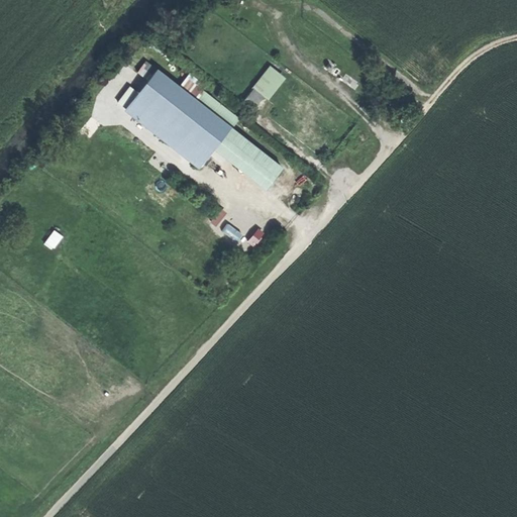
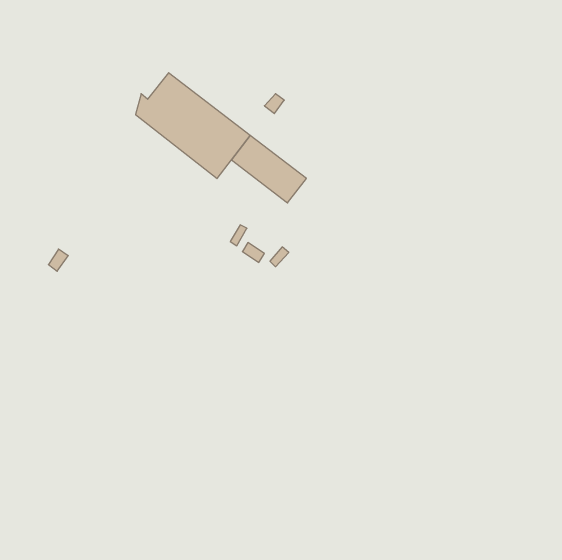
building: [256,69,285,98] -> none

